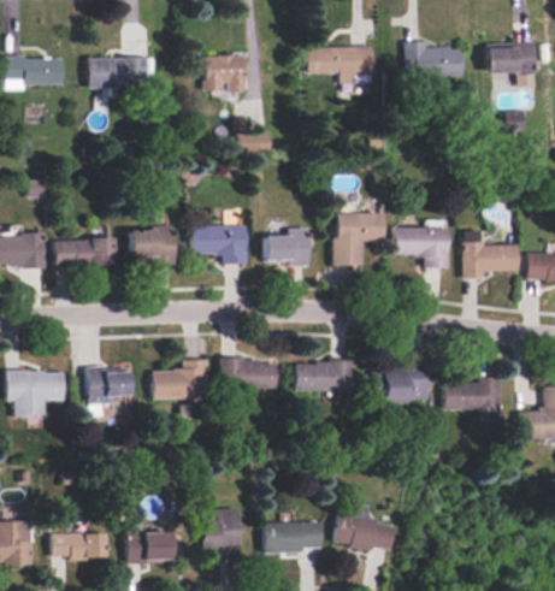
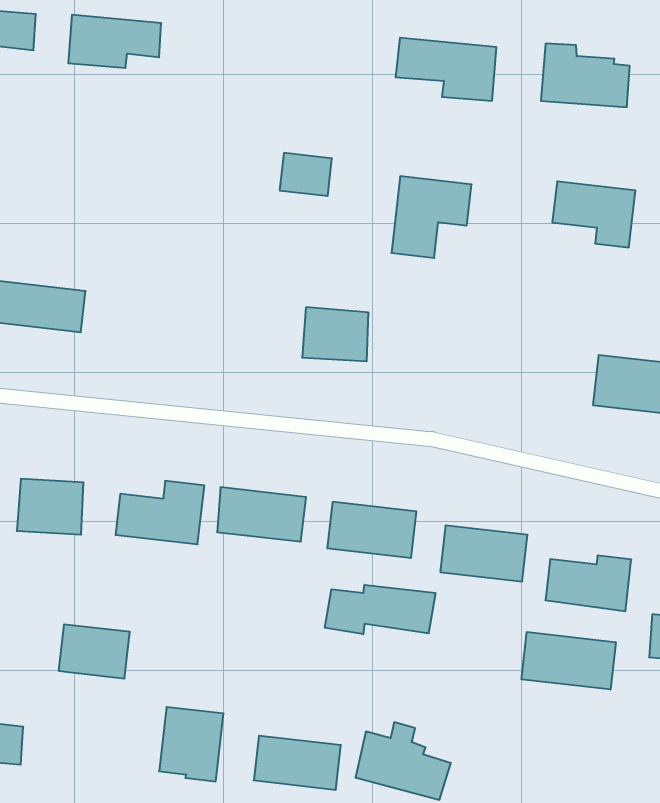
building: [202,57,246,89] -> none
building: [335,214,383,266] -> [391,176,472,258]
building: [193,226,248,265] -> none
building: [130,229,175,265] -> none
building: [395,229,448,267] -> [552,181,635,247]
building: none -> [325,585,435,634]
building: none -> [522,632,616,690]
building: [128,532,172,563] -> [59,624,130,678]

